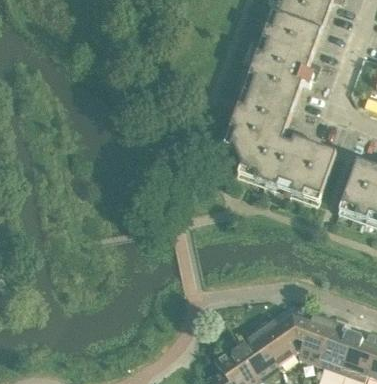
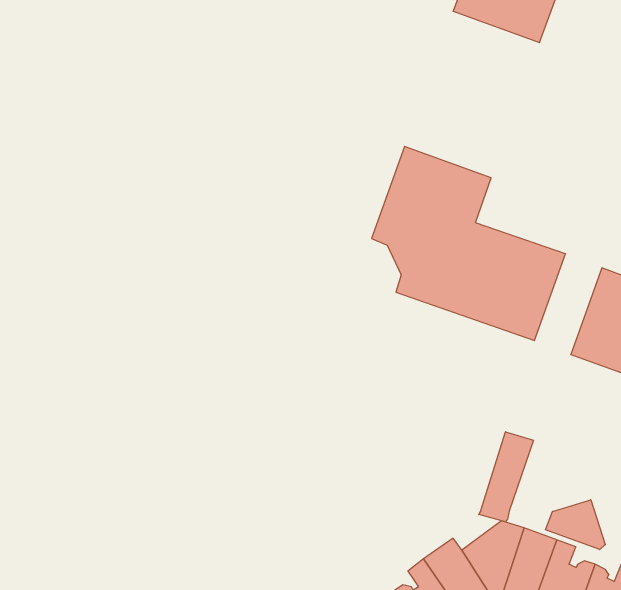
building: [242,13,320,109] -> none
building: none -> [479,432,534,522]
building: none -> [546,500,605,550]

